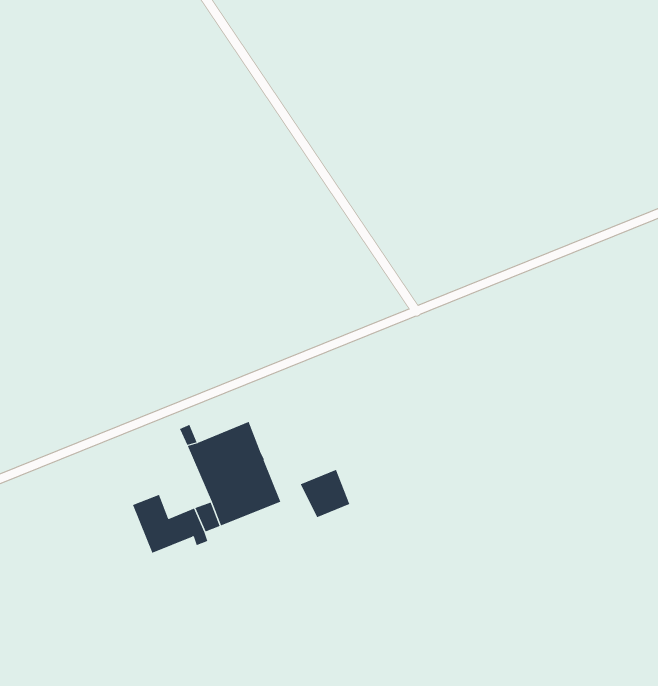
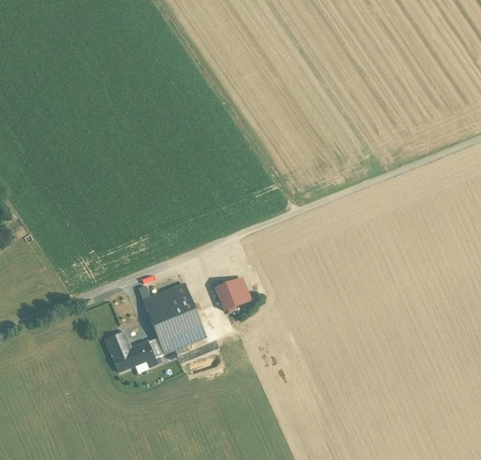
building: [300,469,350,518] -> [216,277,249,309]

